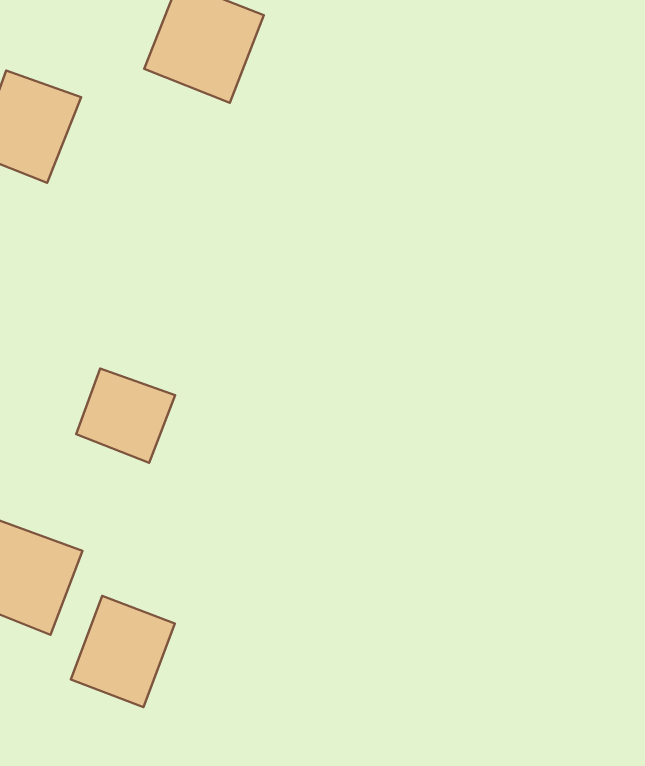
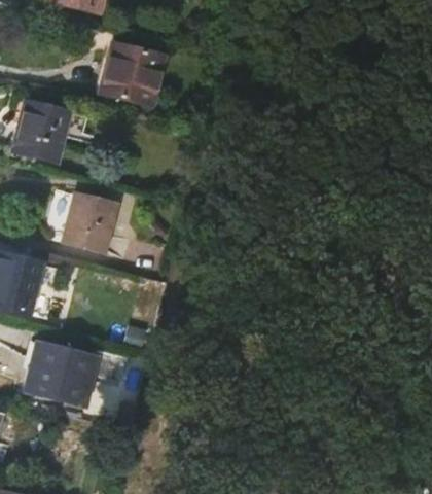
building: [76,368,175,463] -> [64,204,114,251]
building: [71,596,175,707] -> none

